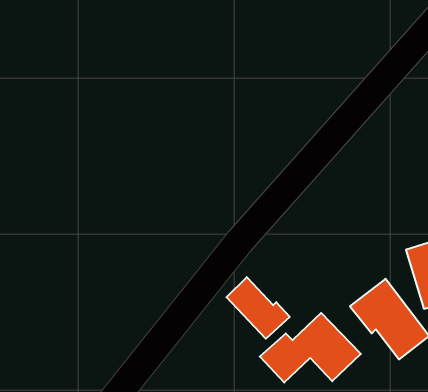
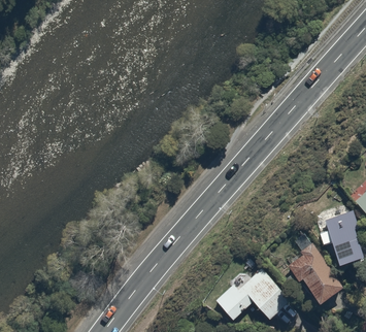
building: [226,277,290,339] -> none

